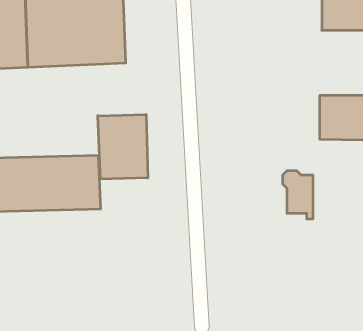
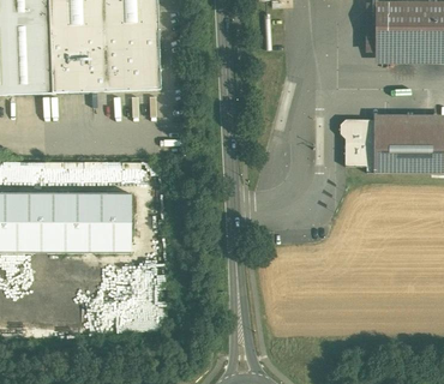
building: [98,114,148,179] -> none
building: [283,171,313,219] -> [340,119,373,172]

